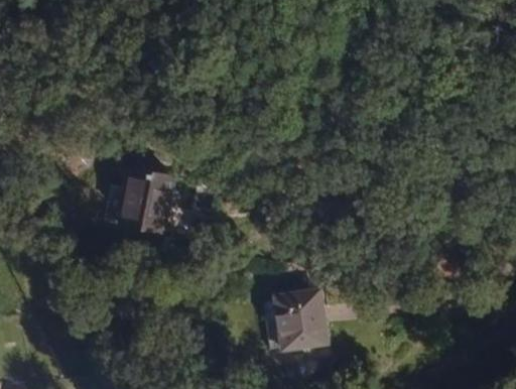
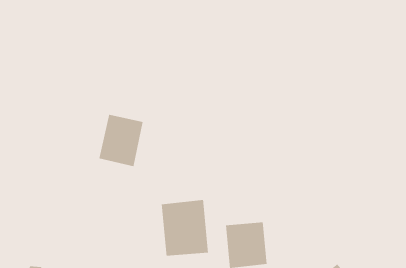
building: none -> [161,199,209,257]

